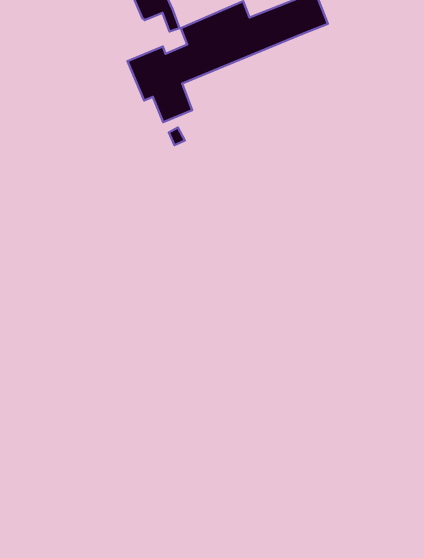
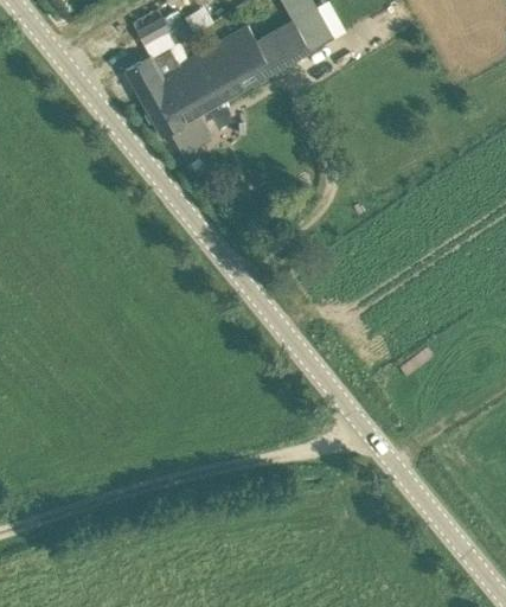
building: none -> [126,47,198,100]

